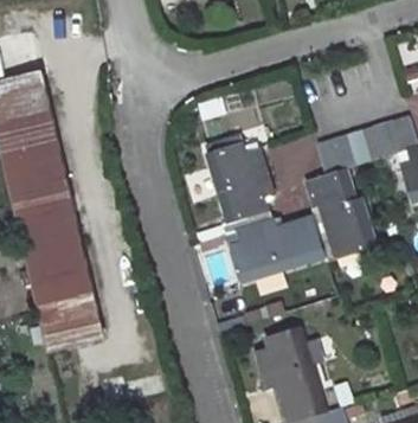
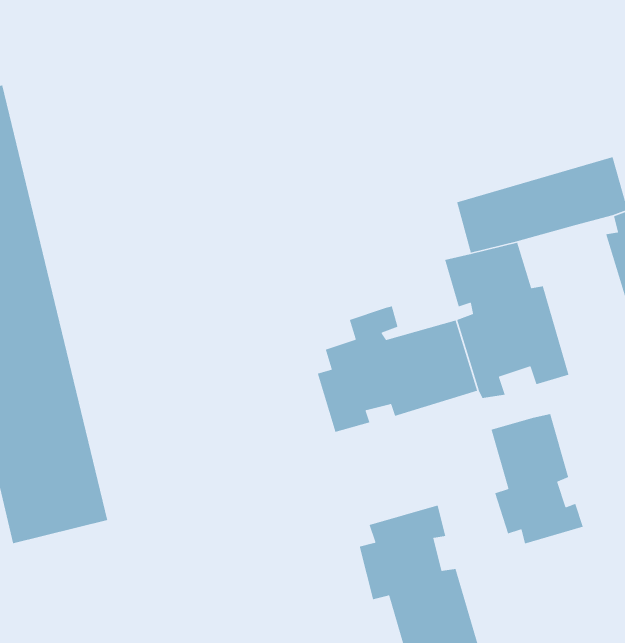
building: [206,142,272,233] -> none
building: none -> [491,413,584,544]

